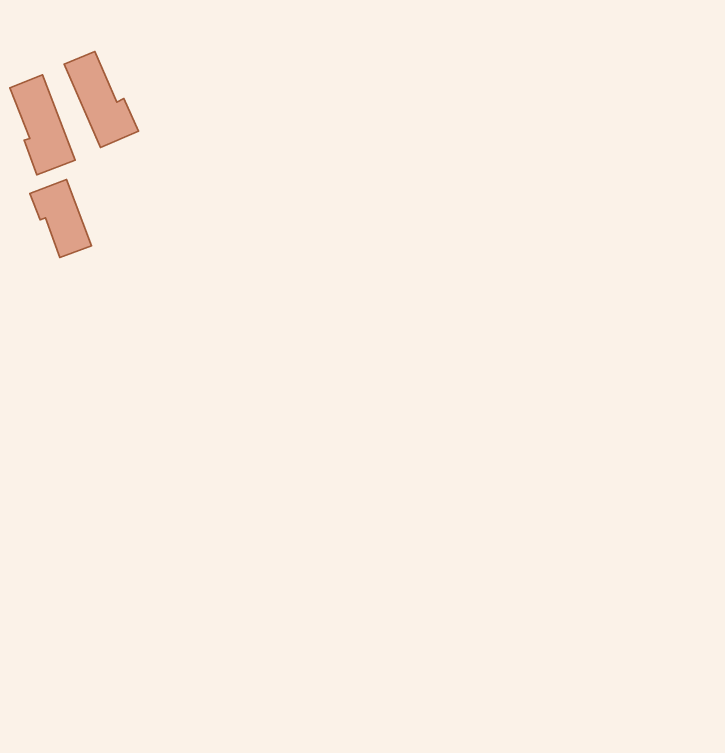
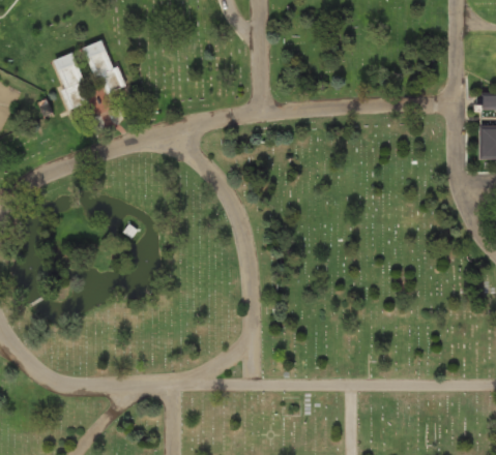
building: [30,179,92,258] -> none

